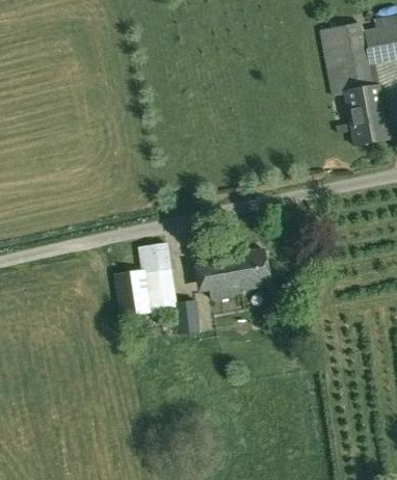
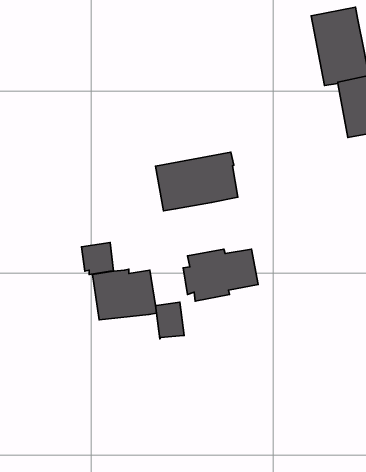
building: none -> [155,152,238,211]
building: [141,243,171,273] -> [81,243,113,275]

